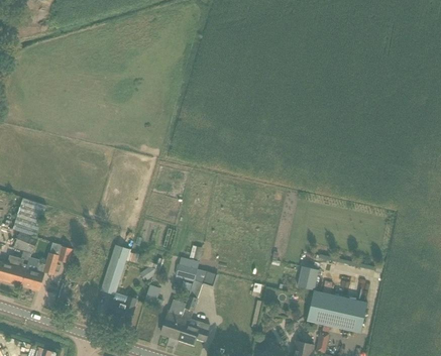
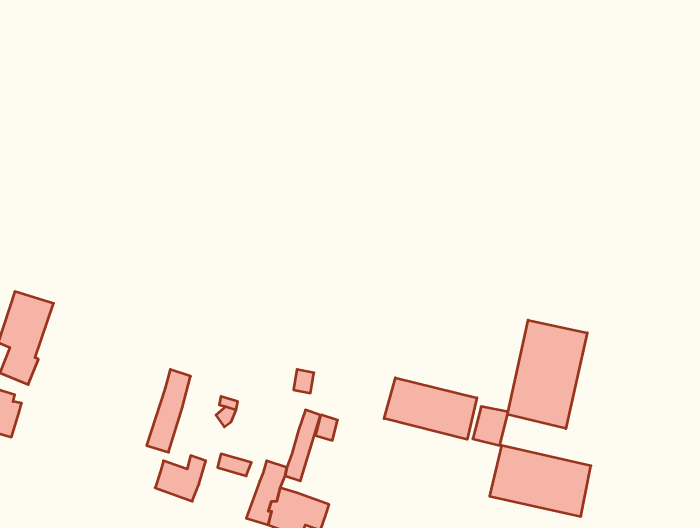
building: none -> [508,320,587,429]
building: [21,246,73,290] -> none
building: none -> [384,378,477,439]
building: [177,257,199,281] -> none

